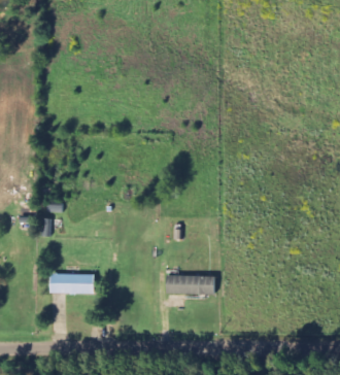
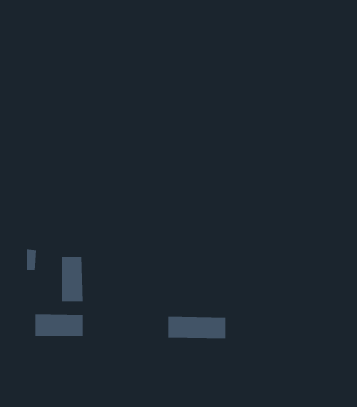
building: none -> [61,256,83,302]

